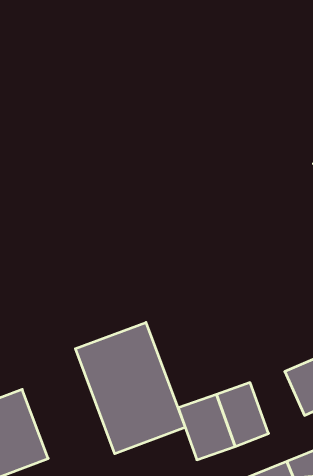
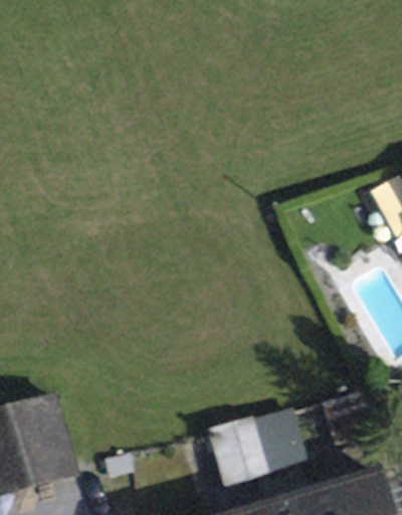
building: [75,322,185,454] -> none

